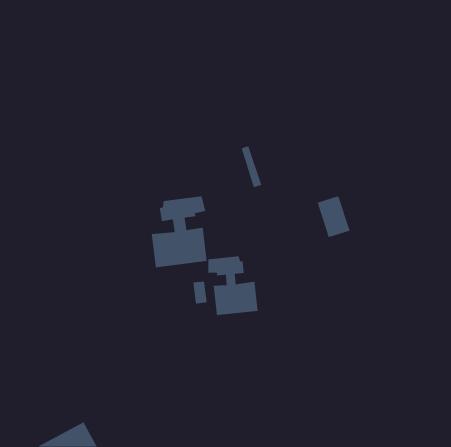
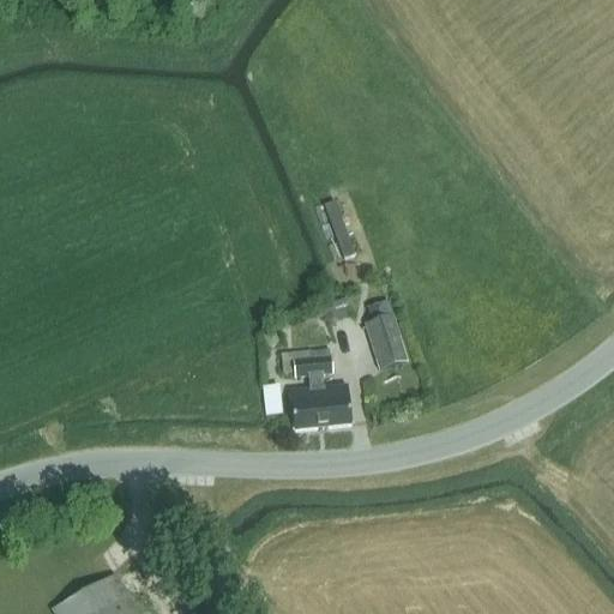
building: [151,195,207,268] -> none
building: [317,195,350,238] -> [361,312,407,369]

